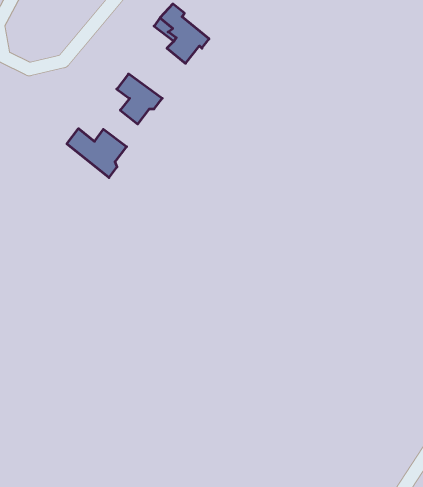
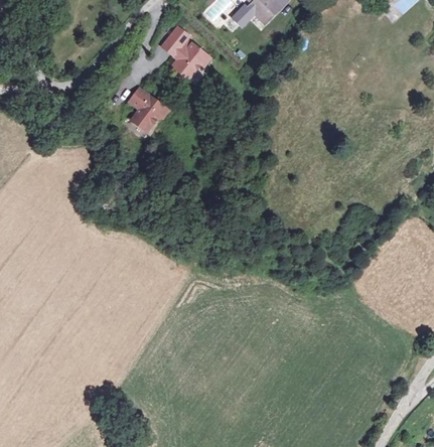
building: [67,129,127,178] -> none

